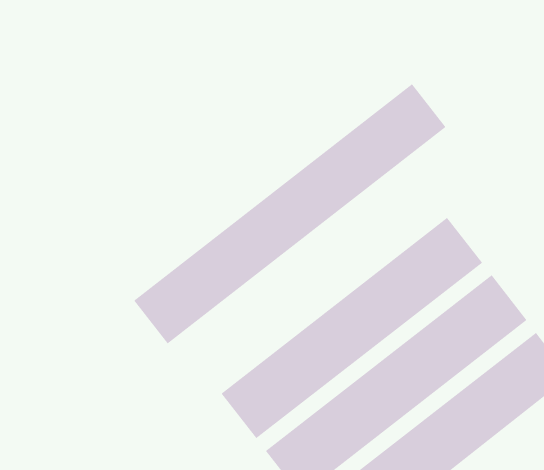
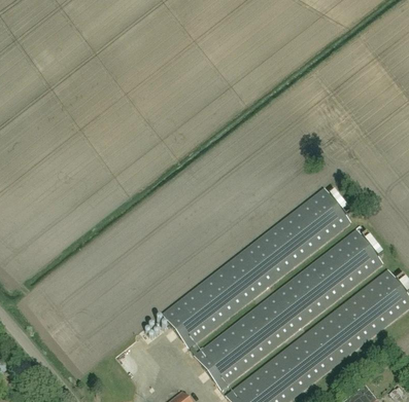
building: [133,83,447,344] -> none

